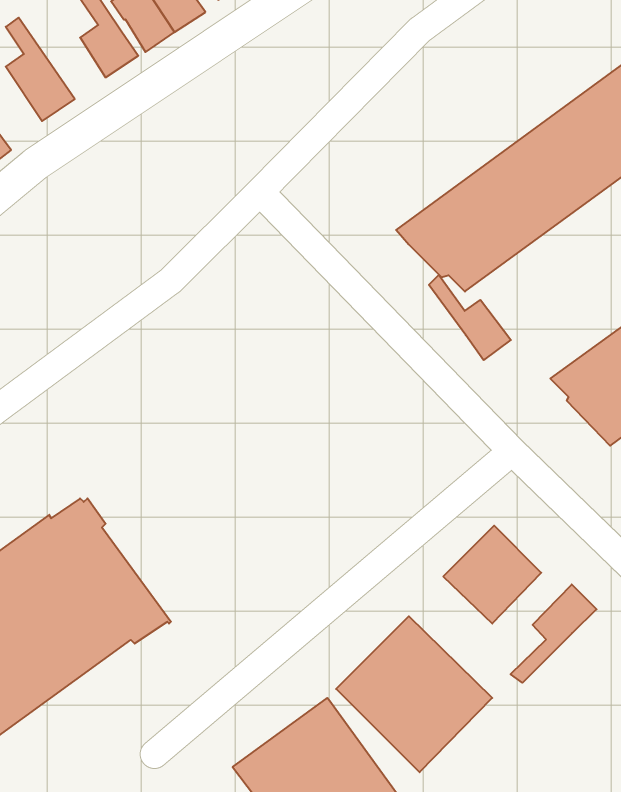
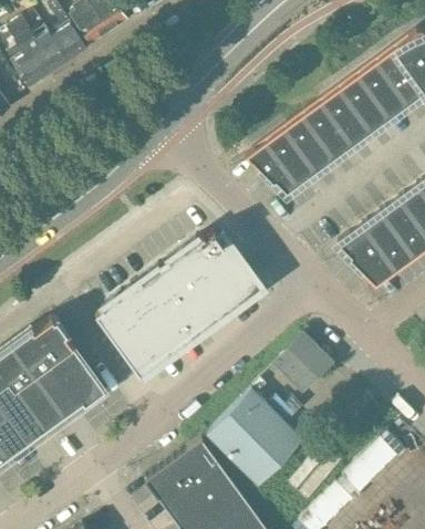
building: none -> [14,20,68,75]
building: [429,275,511,360] -> none
building: none -> [96,234,262,378]
building: [511,584,597,683] -> none

